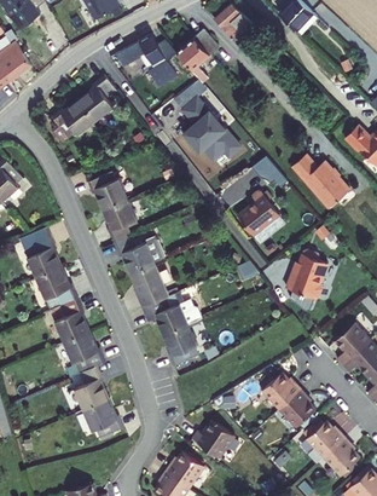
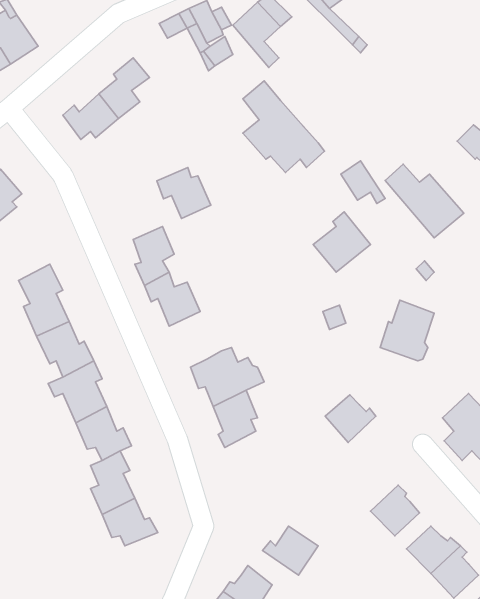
building: [85,173,124,210] -> [157,168,211,218]
building: [129,264,161,307] -> none
building: [261,376,298,411] -> [325,395,376,442]

